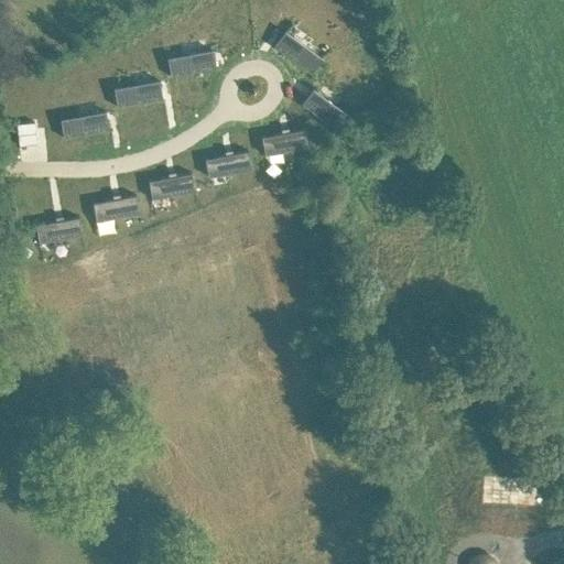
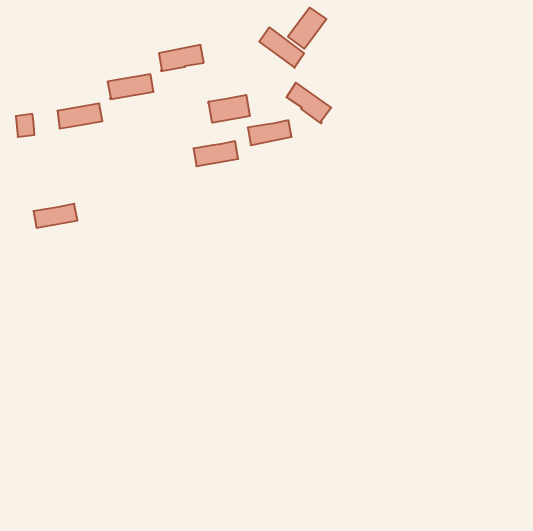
building: none -> [288,8,326,49]
building: none -> [208,95,250,123]
building: [149,174,195,199] -> none
building: [94,196,140,221] -> none

